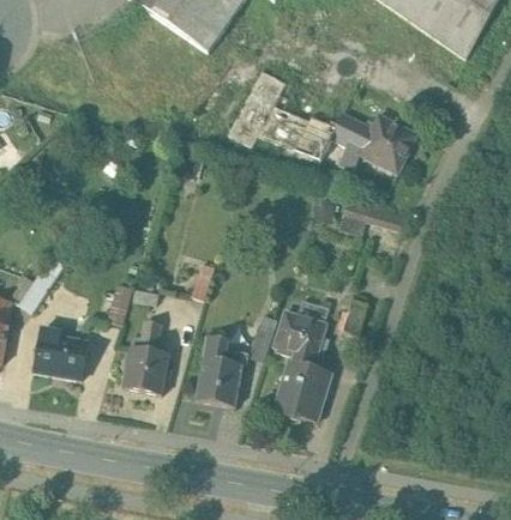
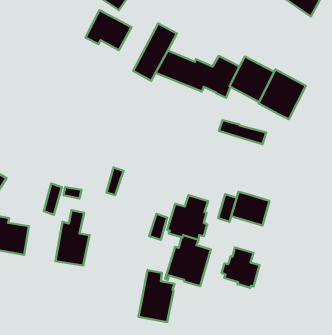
building: none -> [86,10,132,50]
building: none -> [259,70,306,119]
building: none -> [231,192,269,226]
building: [196,338,244,407] -> [139,270,174,322]
building: none -> [222,248,260,288]

